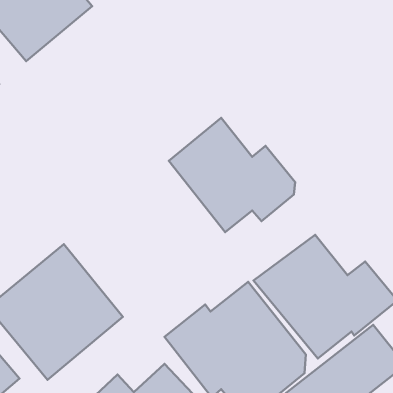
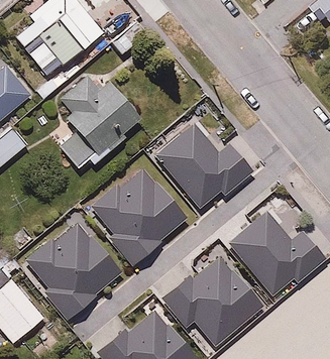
building: none -> [53,64,141,170]
building: none -> [88,164,188,264]

